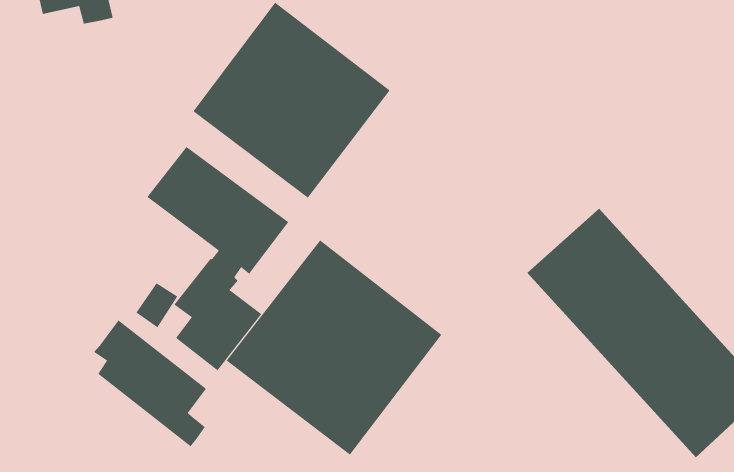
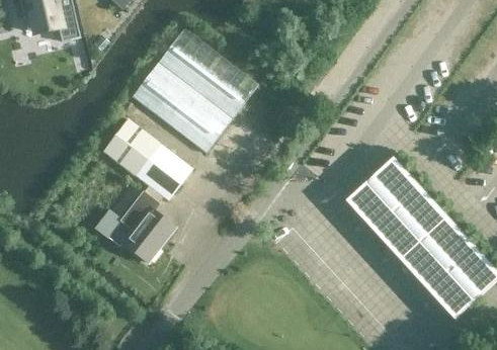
building: [226,239,442,455] -> none
building: [93,319,207,447] -> none

